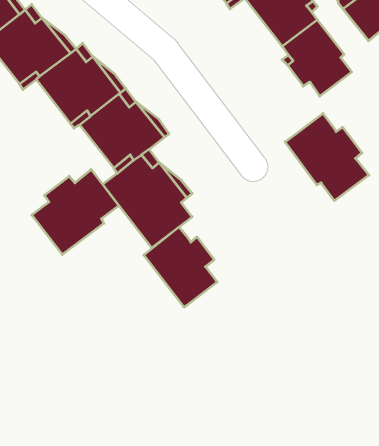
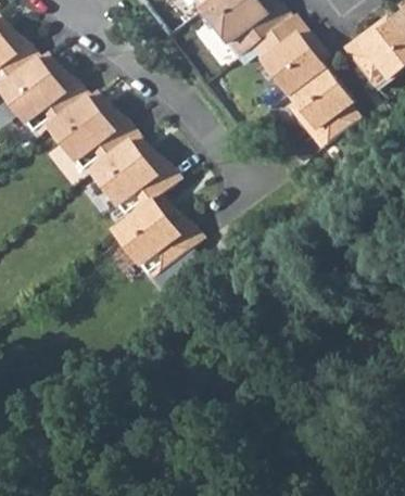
building: [285,113,369,201] -> none
building: [32,169,119,255] -> none
building: [144,227,217,307] -> none

